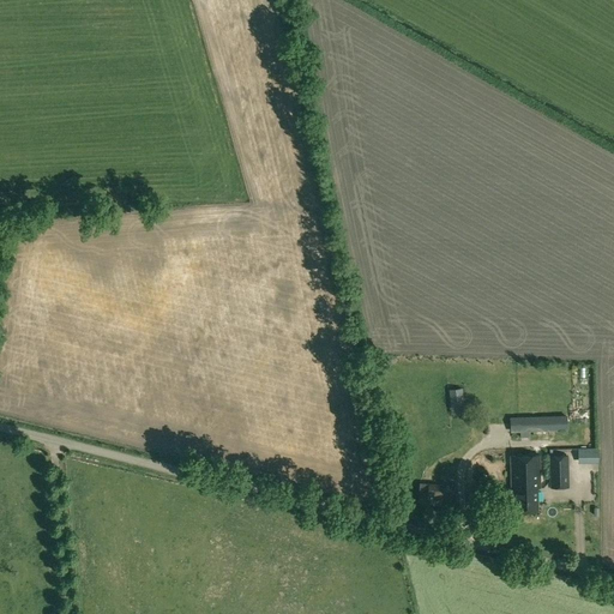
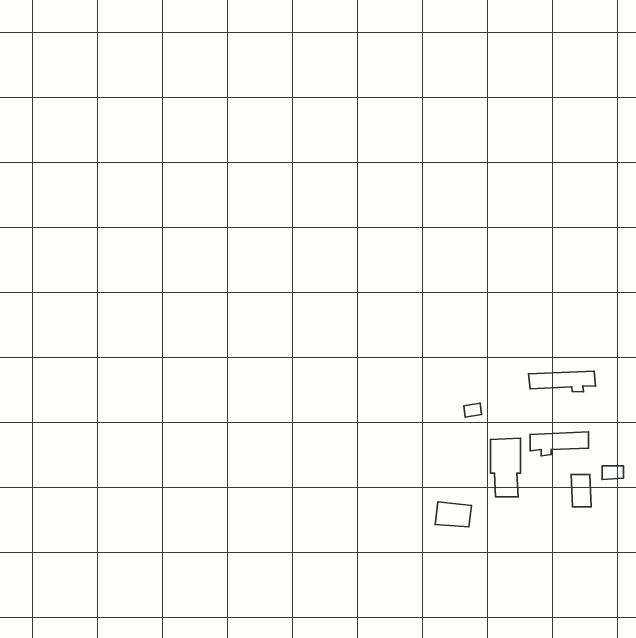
building: none -> [529,371,595,392]
building: [512,455,541,511] -> [491,438,521,497]

